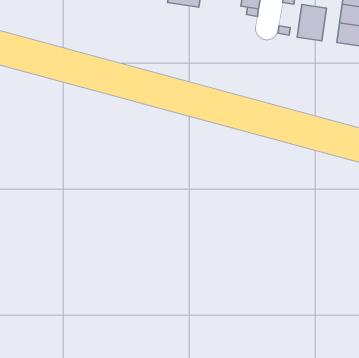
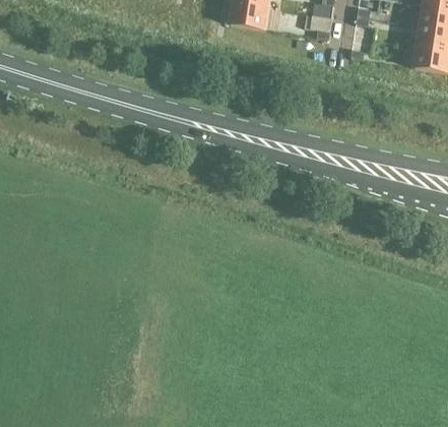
building: [297,4,327,41] -> none

